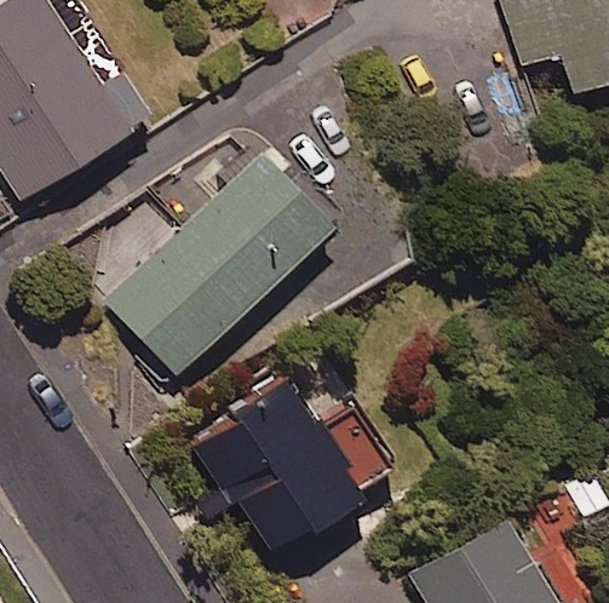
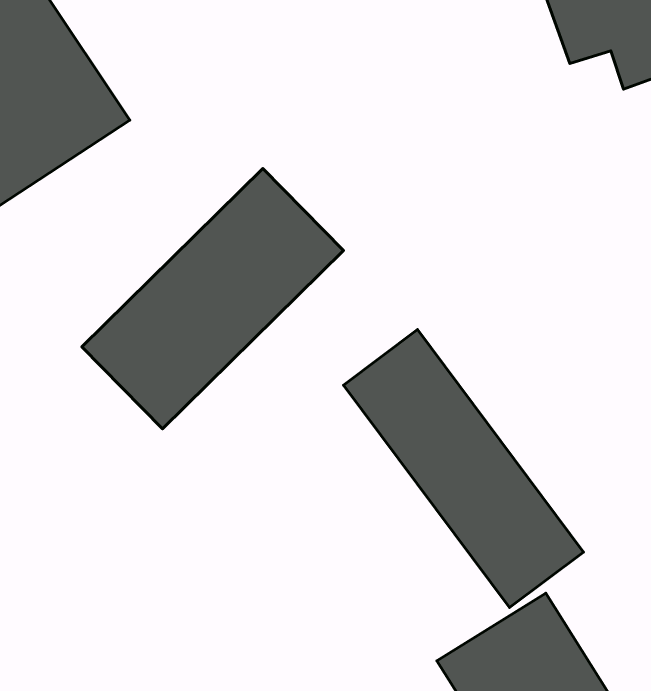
building: none -> [343,330,584,608]
building: [190,378,390,555] -> none

